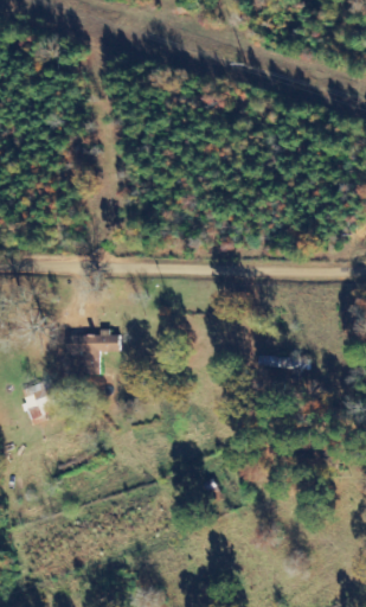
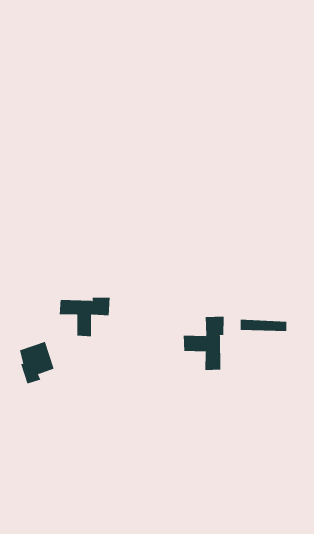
building: none -> [183,316,224,371]

